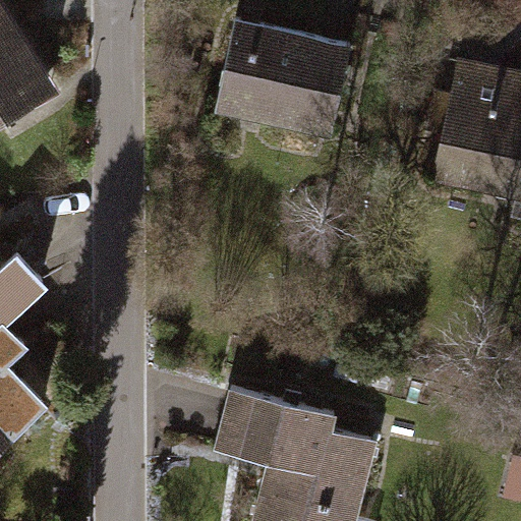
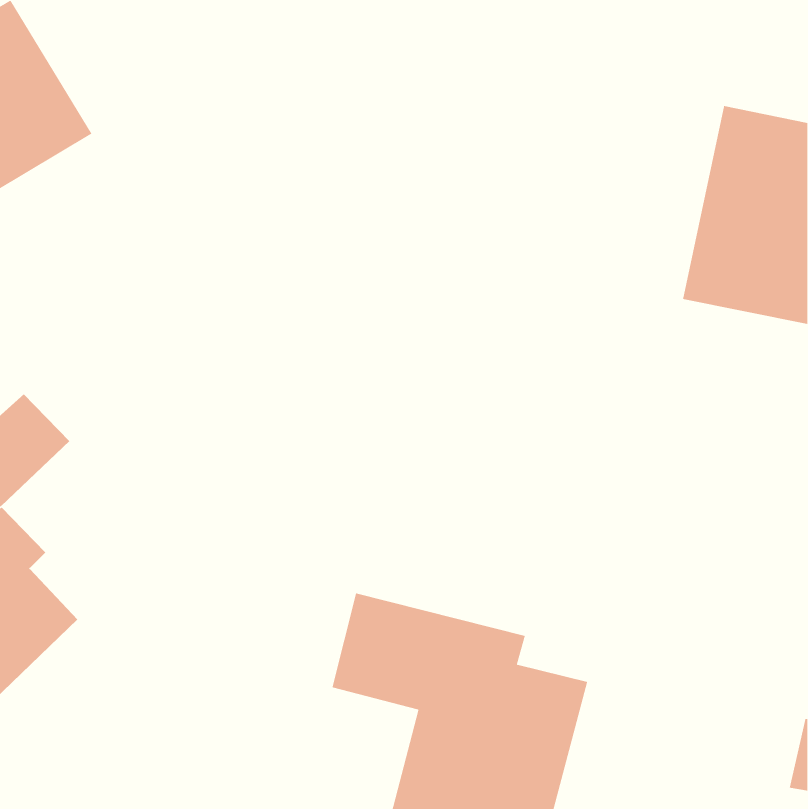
building: [214,30,355,143] -> none

